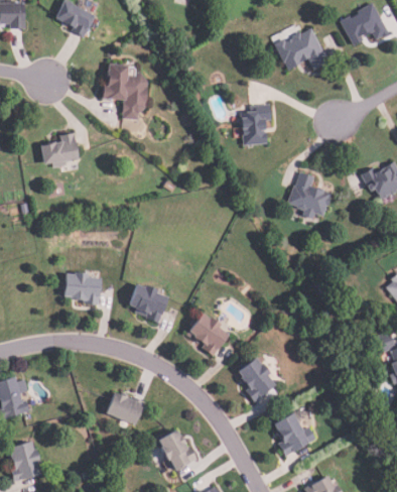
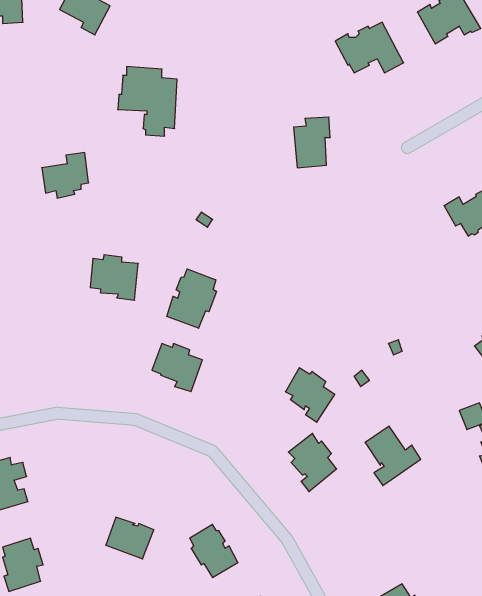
building: [287,170,330,218] -> none
building: none -> [167,269,217,328]
building: [63,270,102,306] -> [90,255,138,300]
building: [189,313,229,356] -> [285,368,335,422]
building: [106,390,144,423] -> [106,517,154,559]
building: [272,411,316,459] -> [365,426,421,486]

